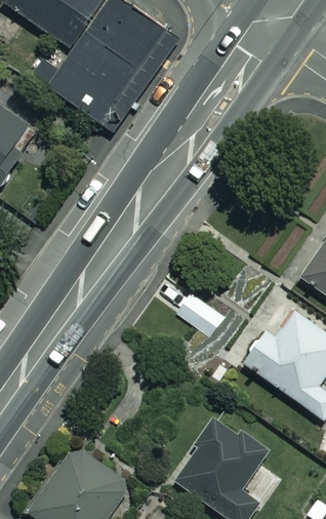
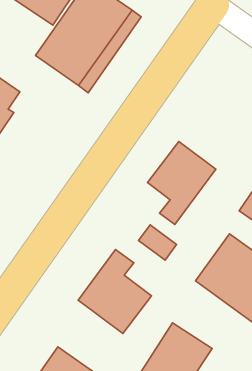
building: none -> [148,141,216,224]
building: none -> [78,249,151,334]

